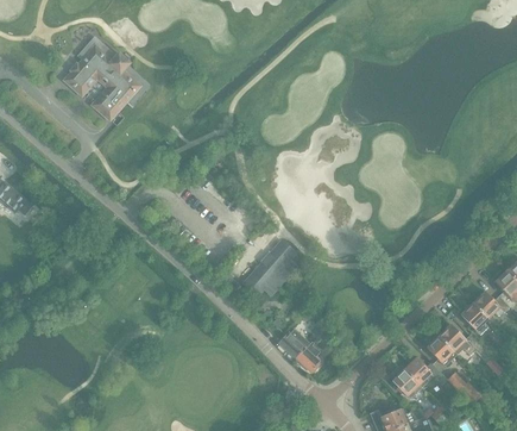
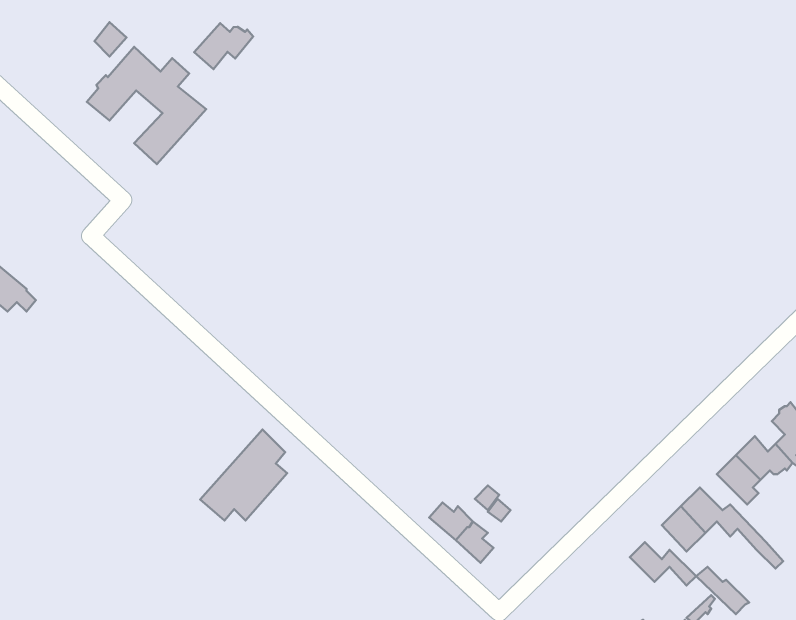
building: none -> [194,23,253,69]
building: [241,238,296,295] -> [200,430,287,520]
building: [390,366,423,398] -> none

